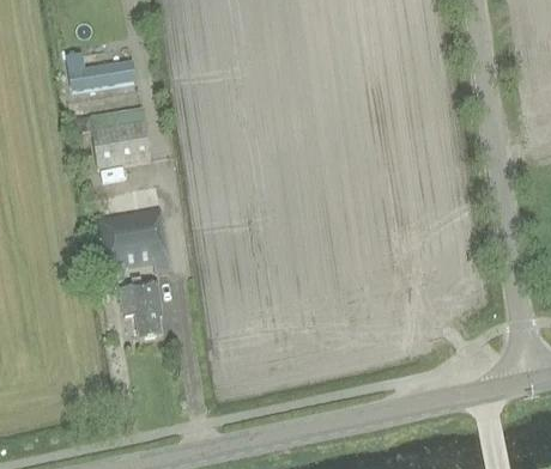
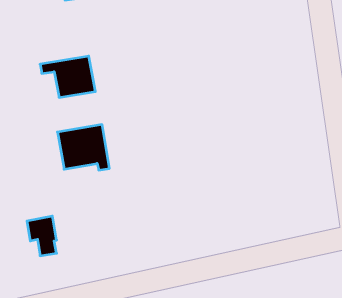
building: [66,53,133,90] -> none
building: [119,279,162,336] -> [27,216,57,256]

